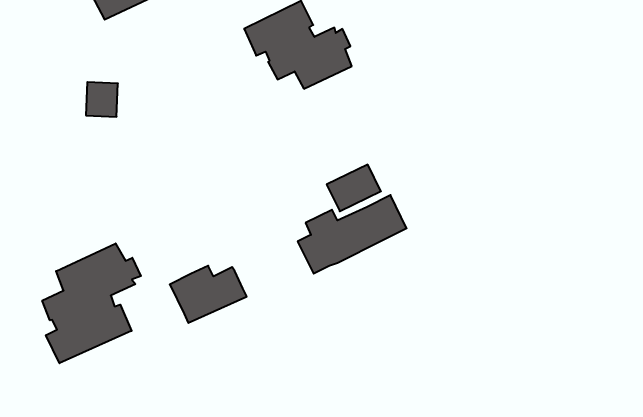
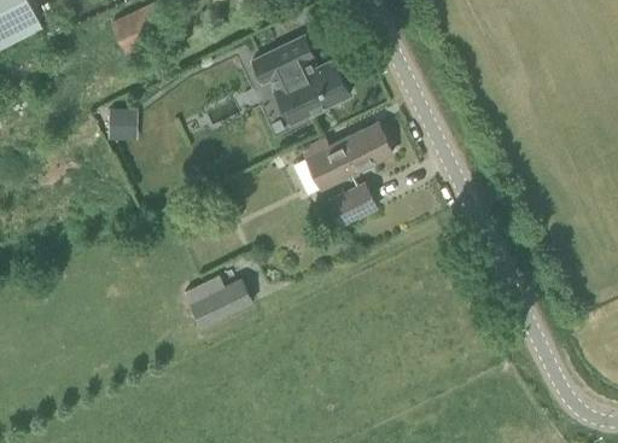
building: [298,195,407,274] -> [292,124,391,196]
building: [42,243,141,363] -> none

